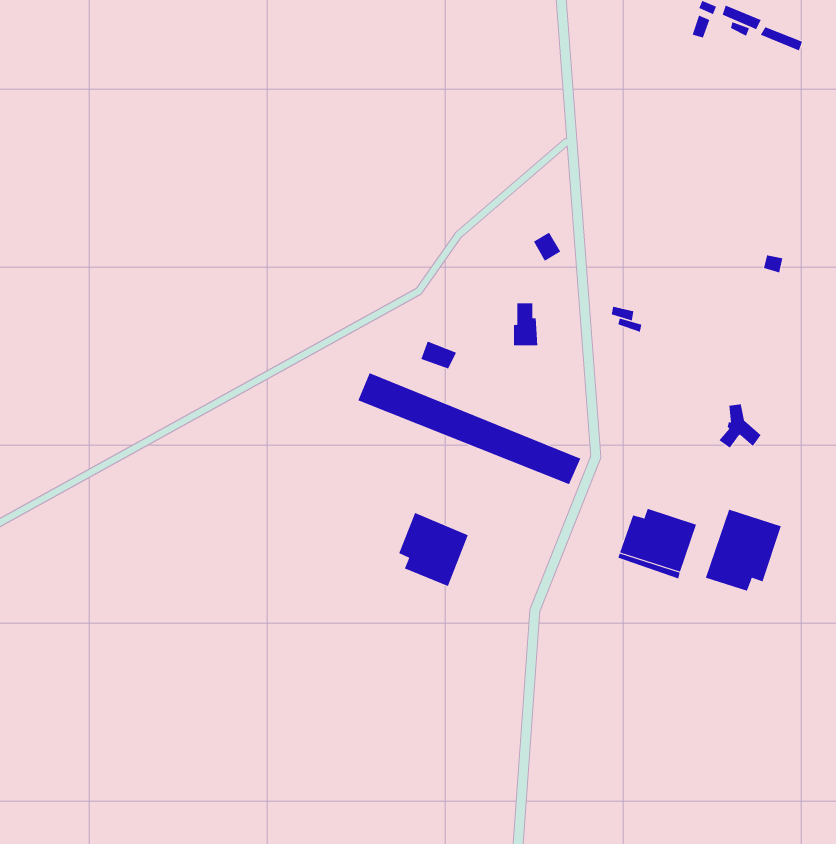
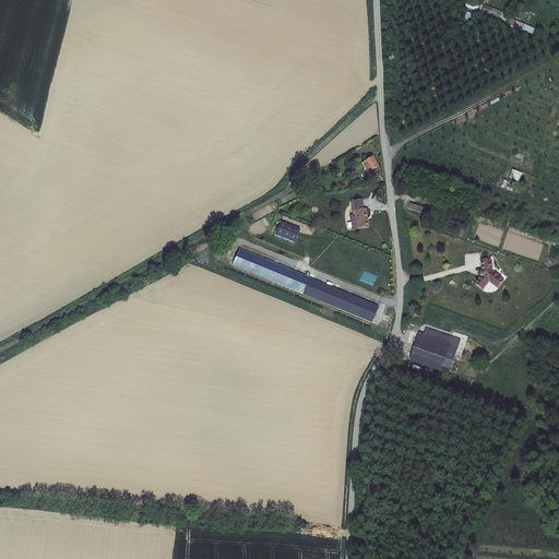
building: [705,509,782,591] -> none
building: [398,512,469,587] -> none

